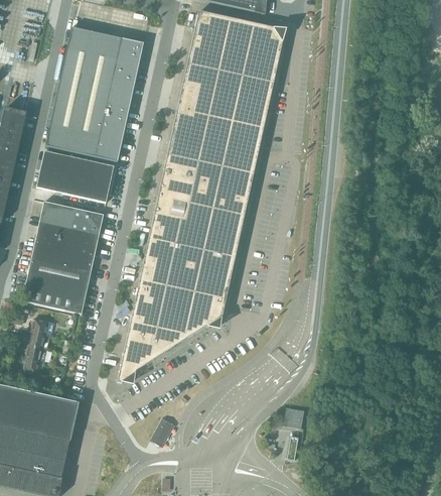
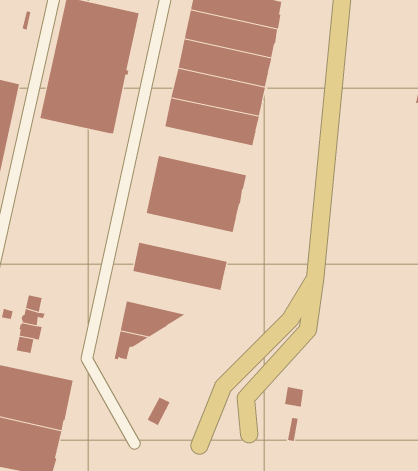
building: [35,150,113,202] -> none
building: [160,153,254,201] -> none
building: [21,201,103,313] -> none
building: [141,238,235,285] -> none
building: [129,294,223,337] -> none

